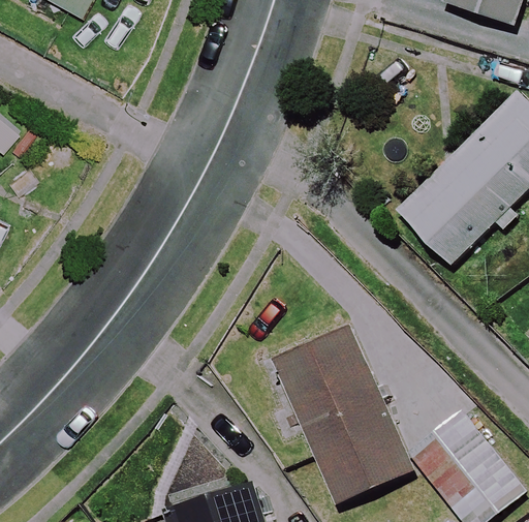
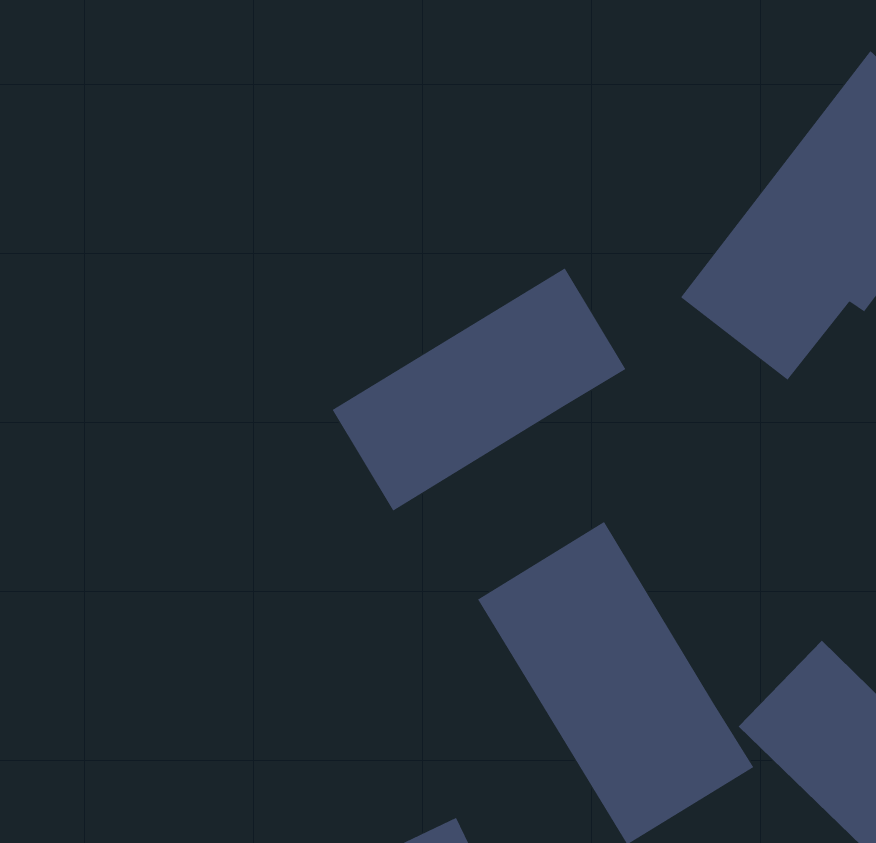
building: none -> [332,267,626,512]

